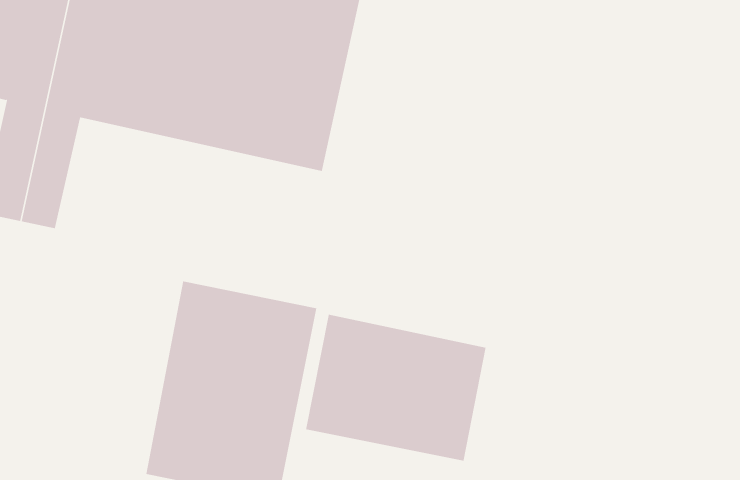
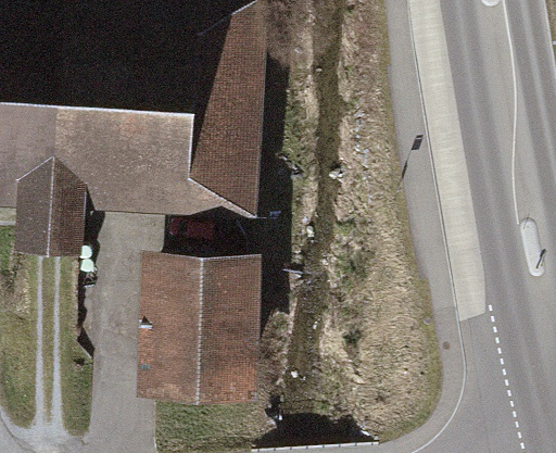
building: [306,314,486,461] -> none

